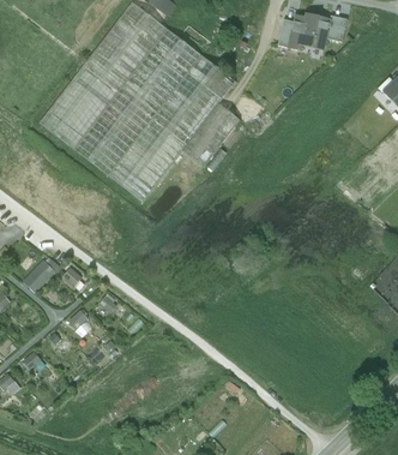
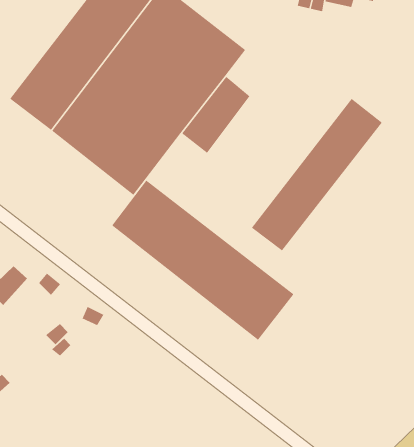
building: none -> [251,98,383,251]
building: none -> [111,179,295,341]

